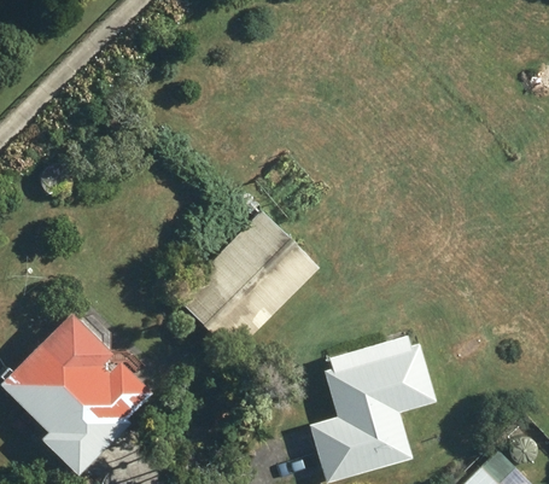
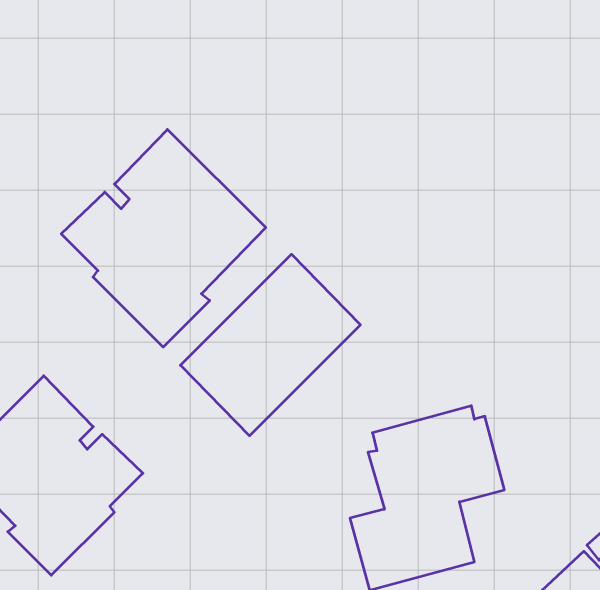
building: none -> [61,129,266,347]

